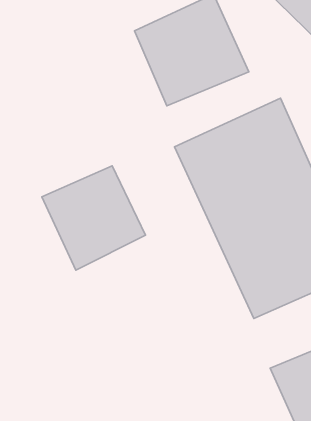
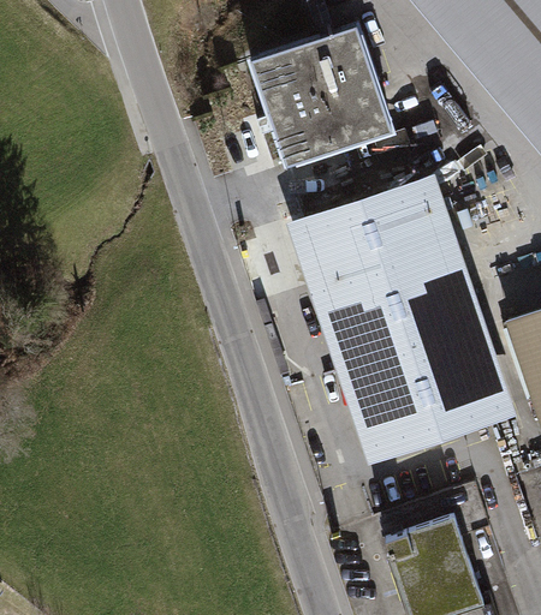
building: [42,166,146,270] -> none

